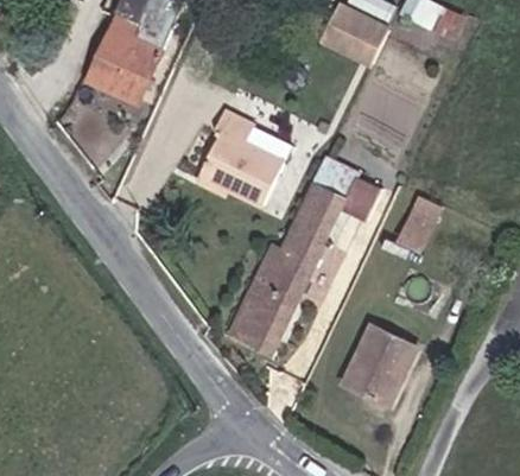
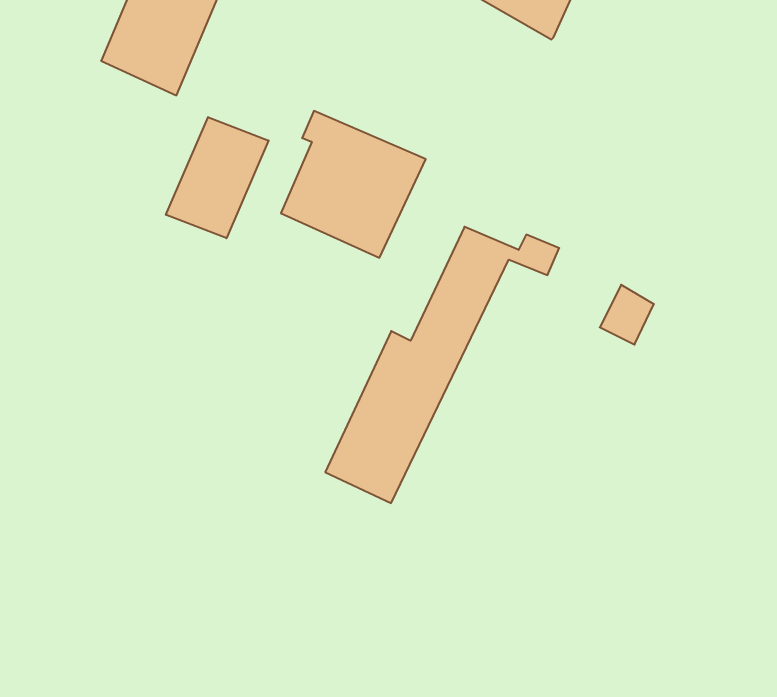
building: none -> [166,117,269,238]
building: [344,325,414,401] -> none

